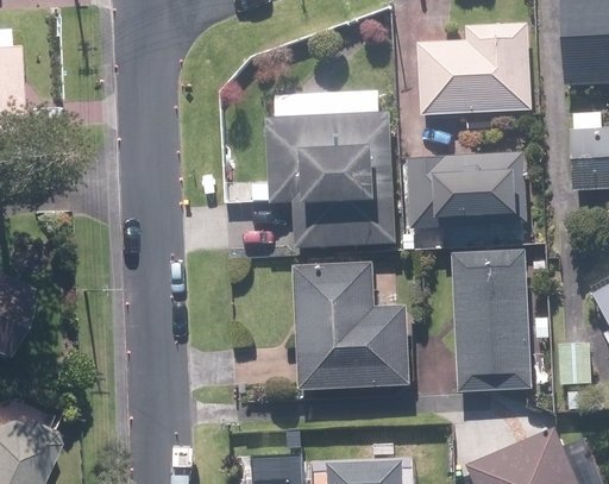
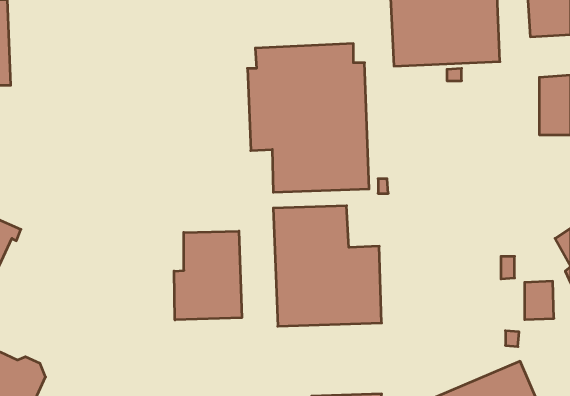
building: [404,150,527,227] -> none
building: [450,247,532,392] -> none
building: none -> [174,231,242,320]

